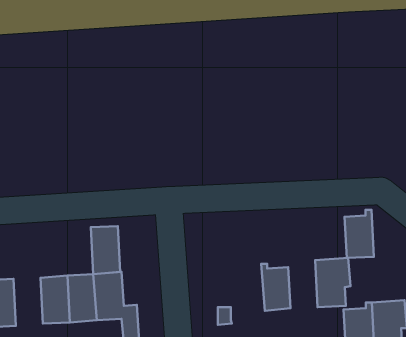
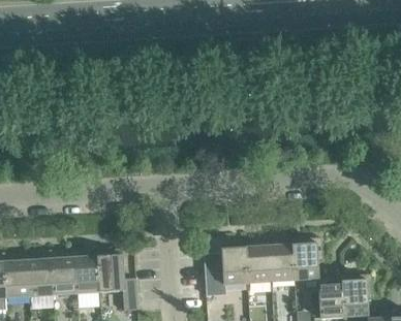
building: [344,210,374,258] -> [268,240,294,283]
building: [91,226,120,274] -> [26,256,52,298]
building: none -> [220,244,247,286]

